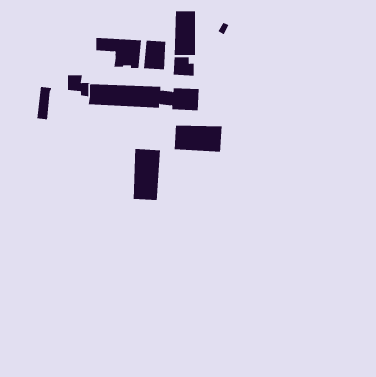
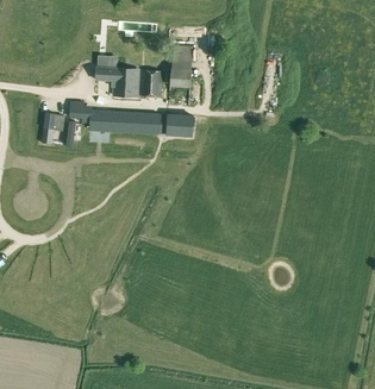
building: [174,125,222,153] -> none
building: [133,148,160,201] -> none

